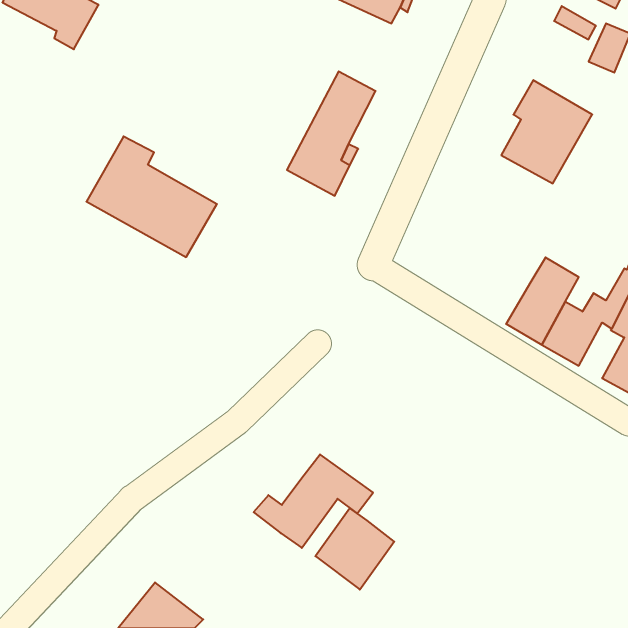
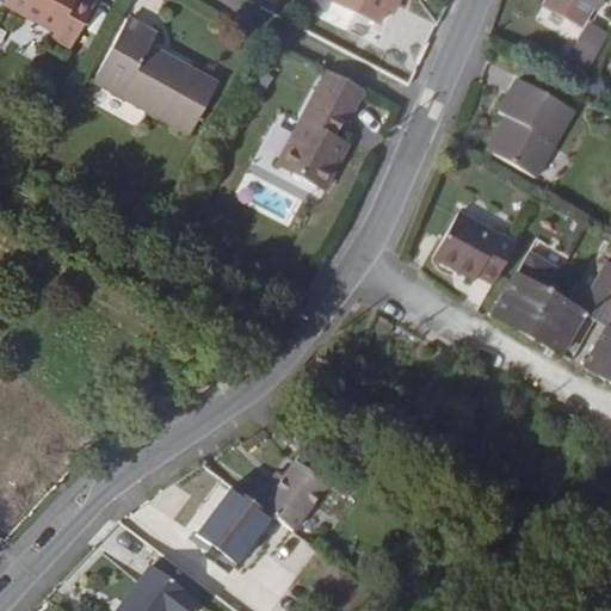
building: [86,136,217,257] -> [93,18,220,135]
building: none -> [432,211,514,283]
building: [315,508,394,590] -> [197,485,273,563]

